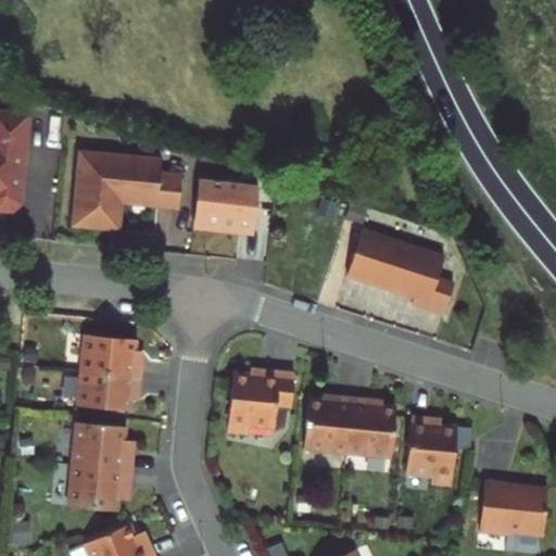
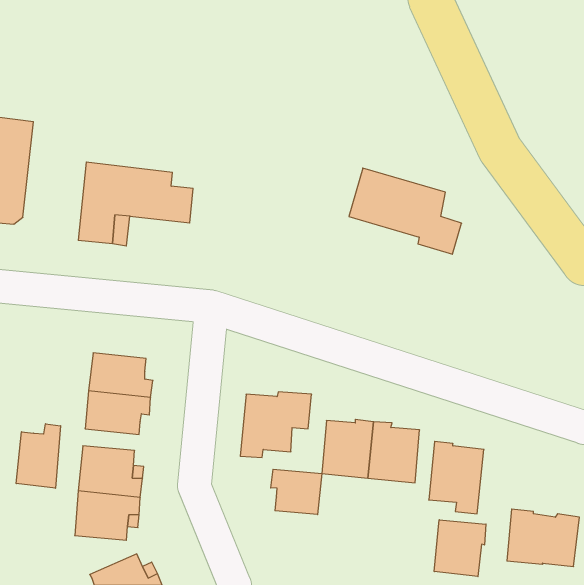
building: [194,175,257,230] -> none
building: [344,232,451,314] -> [349,168,462,254]
building: none -> [16,424,61,488]
building: none -> [271,469,322,515]
building: none -> [434,520,486,577]

